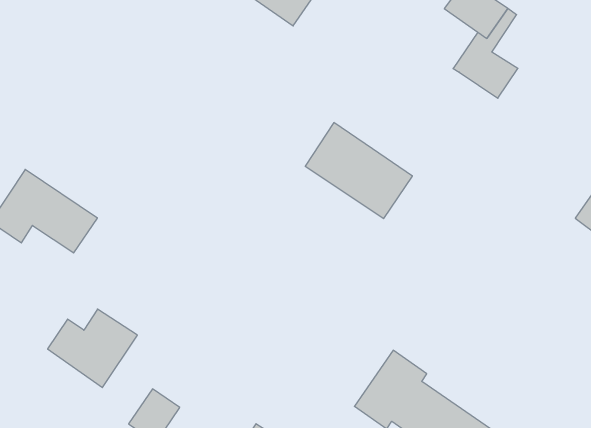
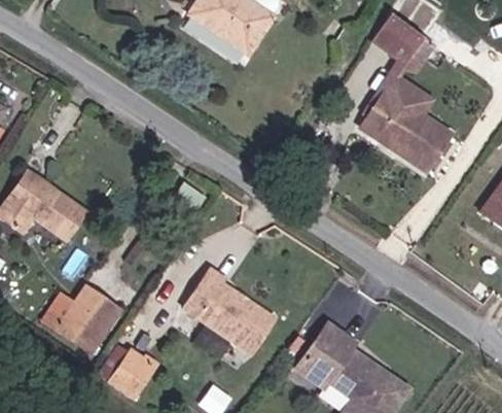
building: [305,123,412,219] -> [360,91,449,170]
building: none -> [181,270,274,354]

